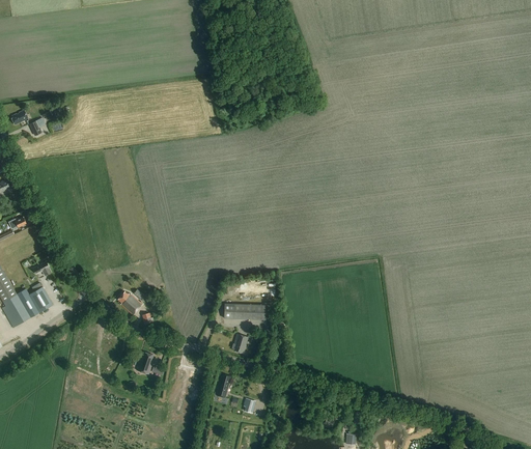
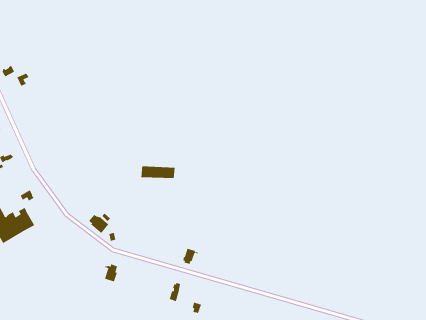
building: [224,304,267,319] -> [141,166,175,179]

